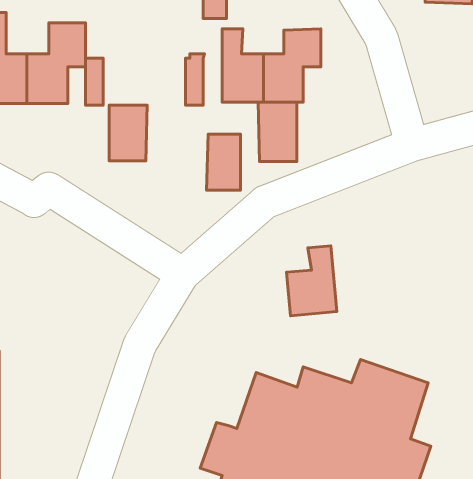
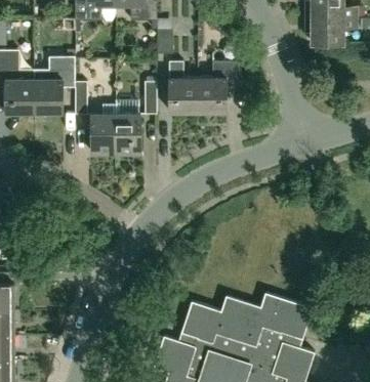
building: [258,102,297,162] -> none
building: [207,134,240,190] -> [116,114,139,153]
building: [287,246,337,316] -> none

